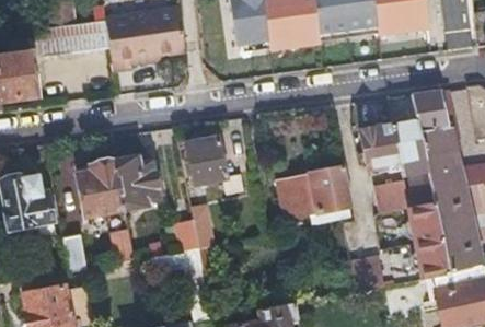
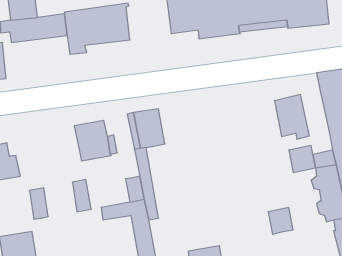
building: [393,115,429,174] -> none
building: [70,157,126,209] -> none
building: [278,164,355,219] -> none

